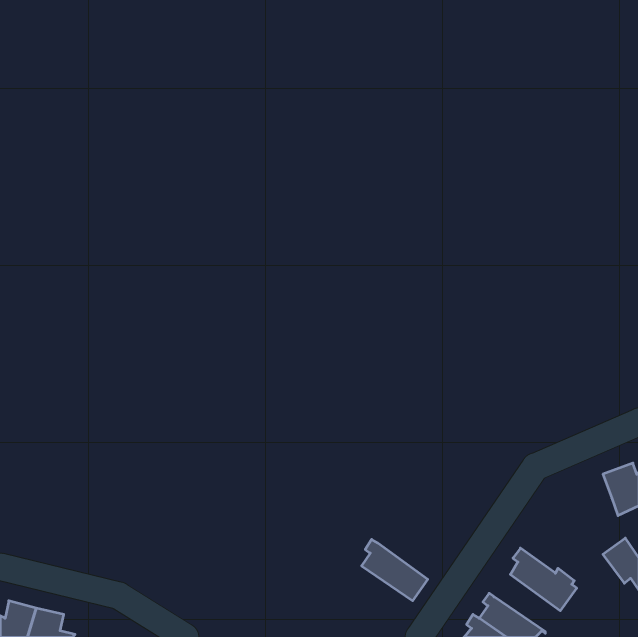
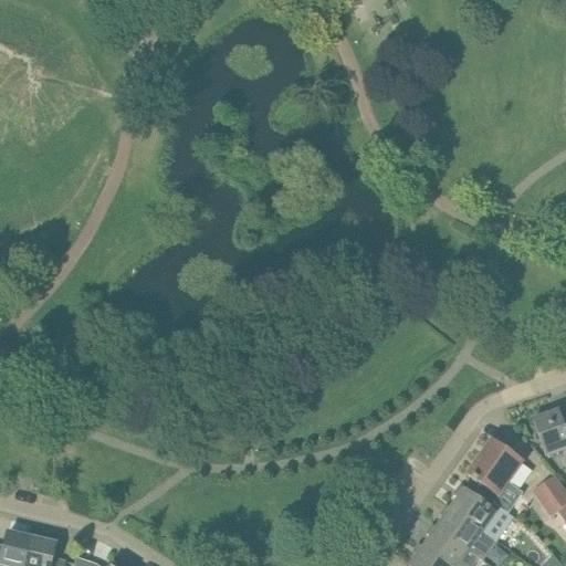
building: none -> [469,439,523,513]
building: [362,539,428,601] -> [438,504,496,558]

